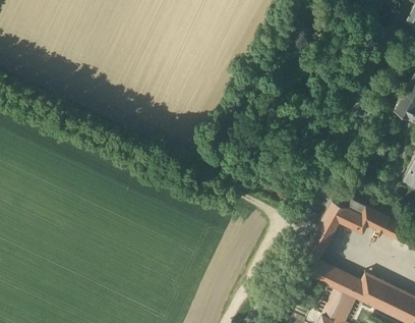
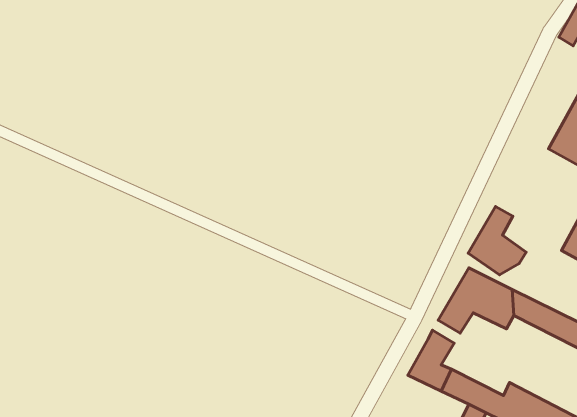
building: none -> [468,206,526,275]

